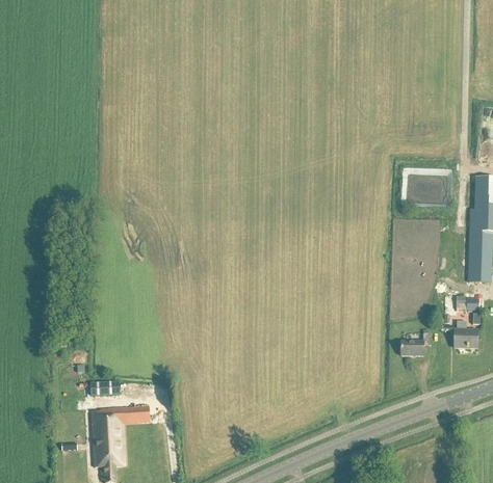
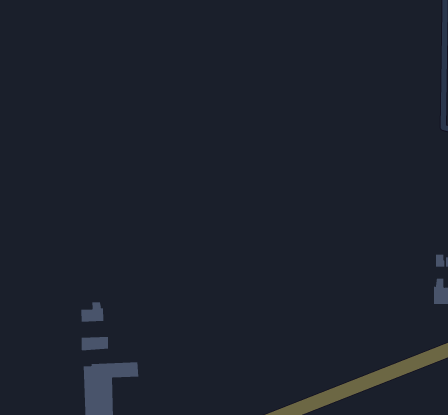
building: [401,332,431,355] -> none
building: none -> [81,301,104,322]

